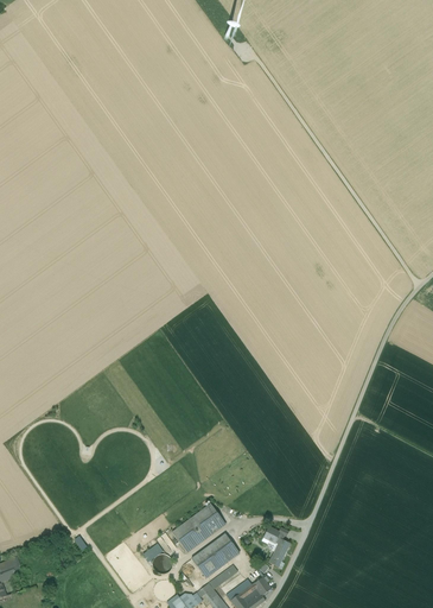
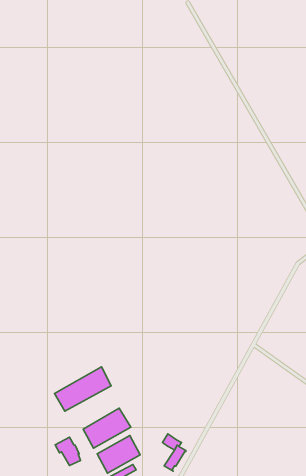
building: none -> [55,367,111,411]

